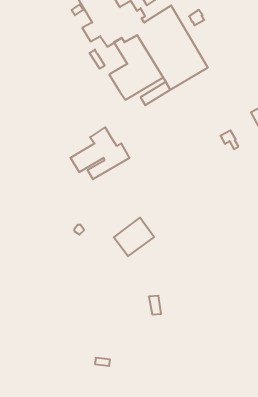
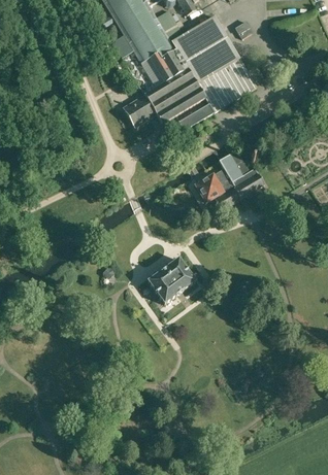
building: none -> [122,95,155,127]
building: [70,127,130,179] -> [195,149,263,209]

